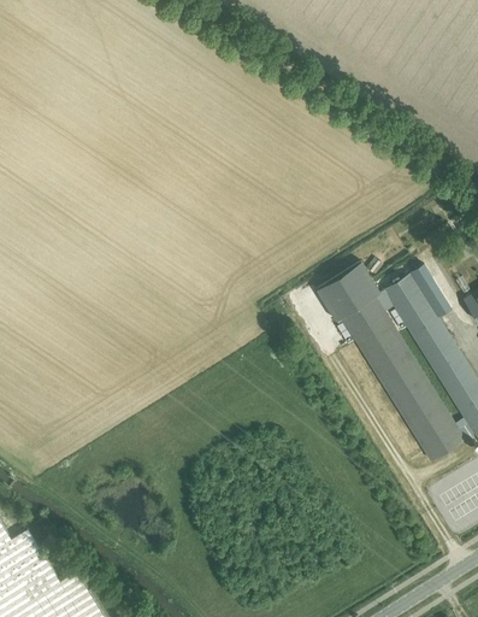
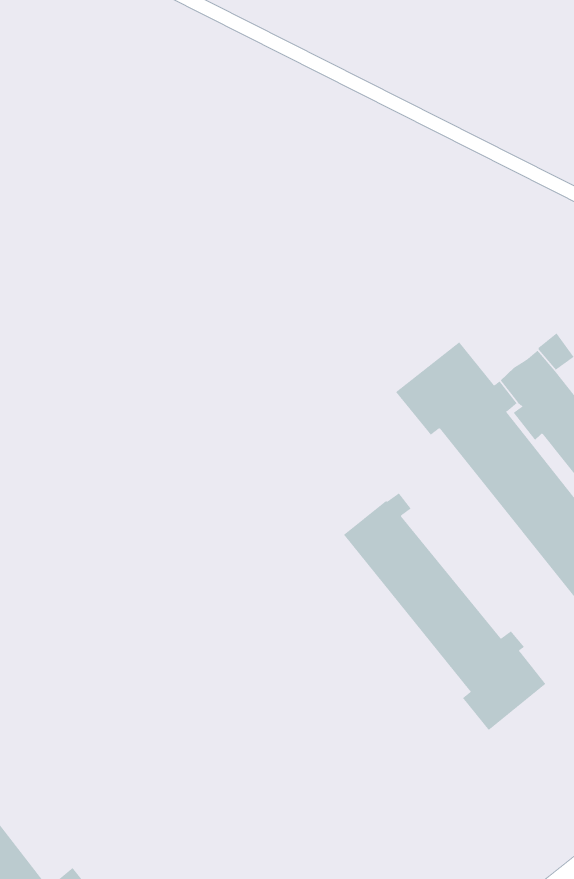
building: none -> [343,492,546,731]

